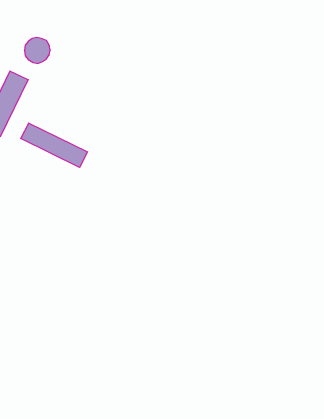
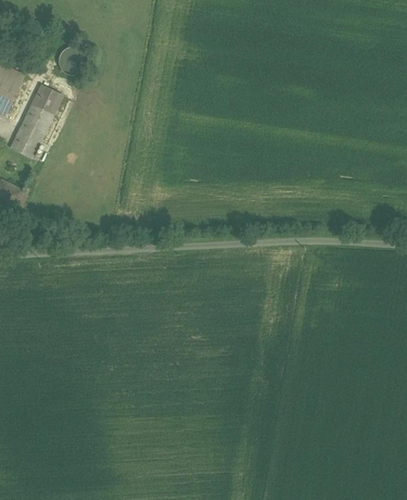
building: [21,123,87,167] -> none

